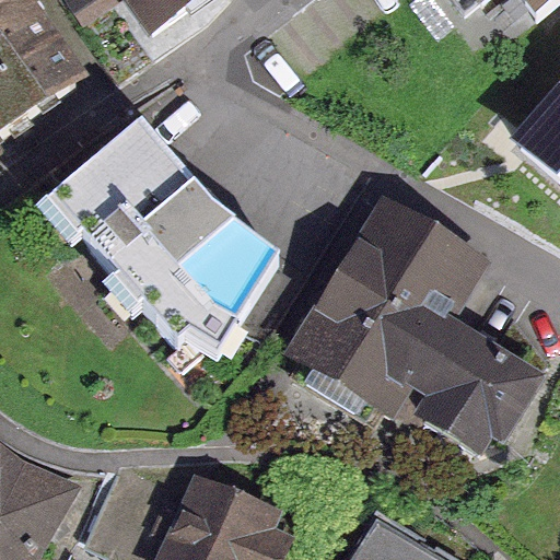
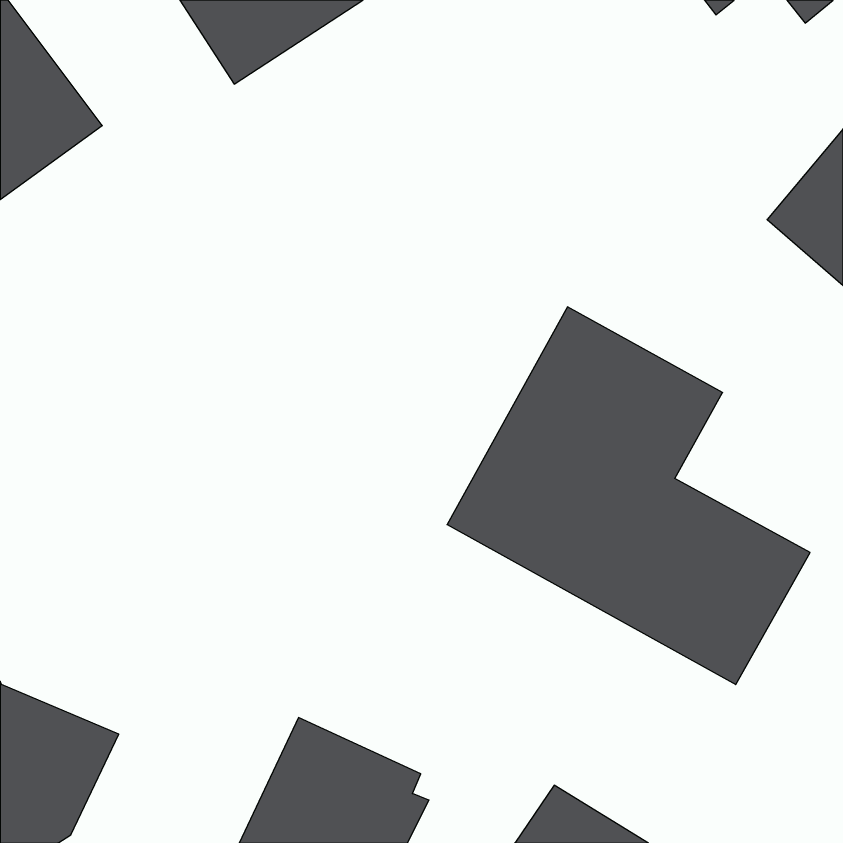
building: [44,120,266,336] -> none

